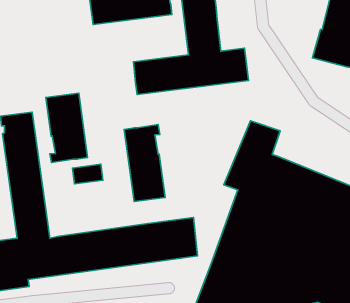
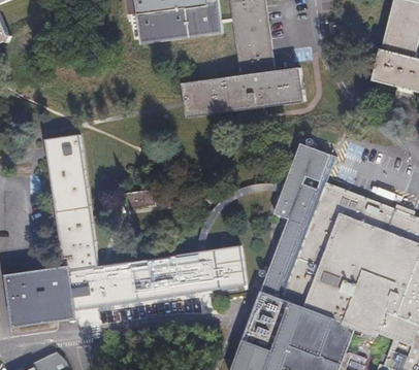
building: [46,93,88,163] -> none
building: [124,125,165,202] -> none

